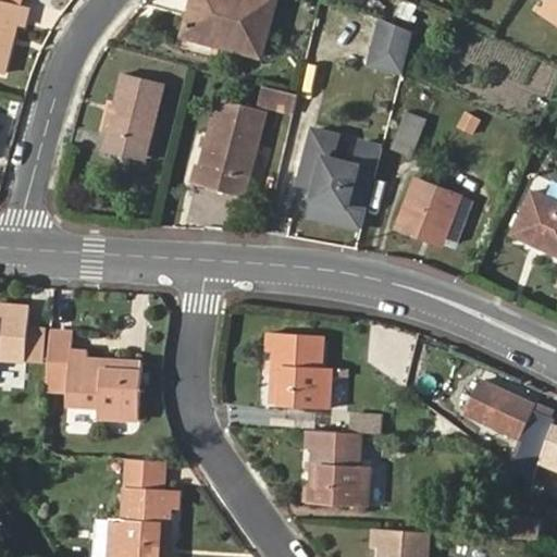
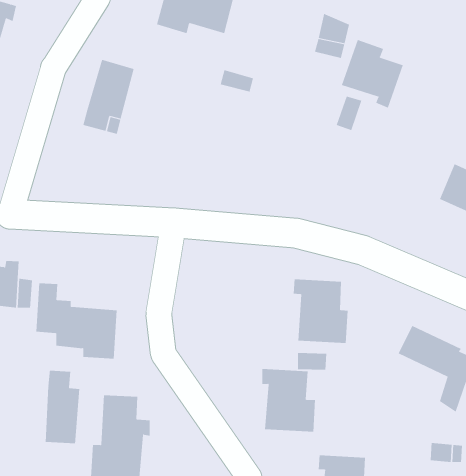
building: none -> [341,39,403,108]
building: [199,99,262,197] -> none
building: [299,131,381,230] -> none
building: [398,181,459,243] -> none
building: [267,333,331,408] -> [293,279,348,344]
building: none -> [45,370,80,444]

